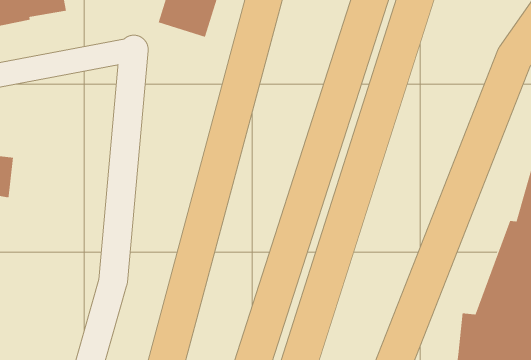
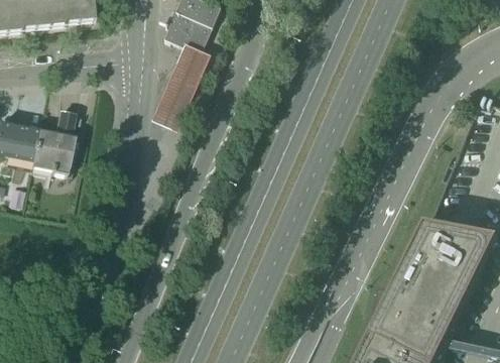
building: none -> [158,39,217,128]
building: none -> [36,107,81,173]

